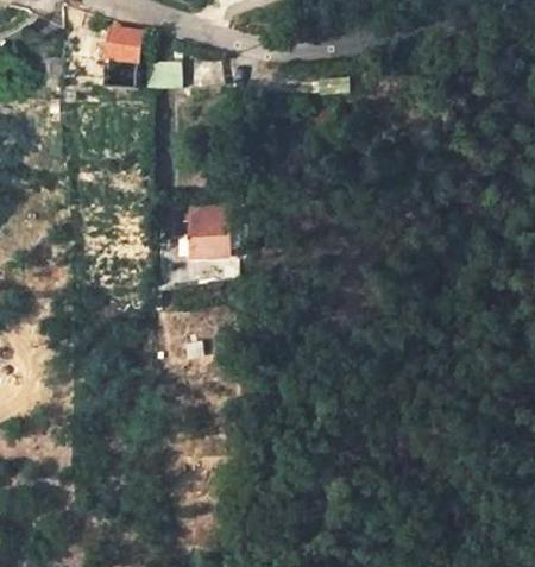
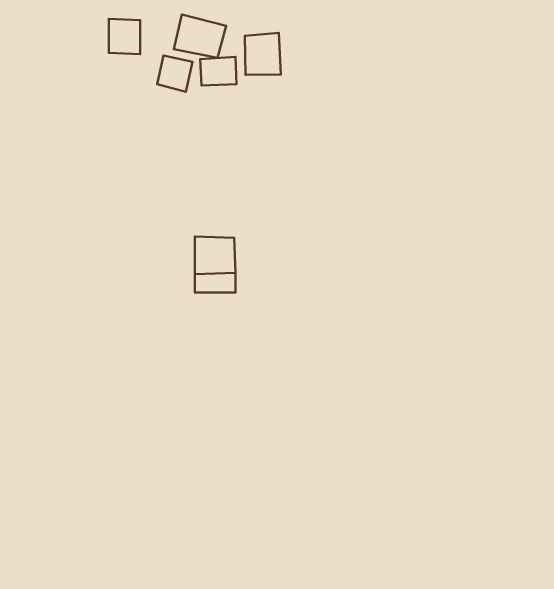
building: none -> [174,14,226,58]
building: none -> [245,33,281,75]

